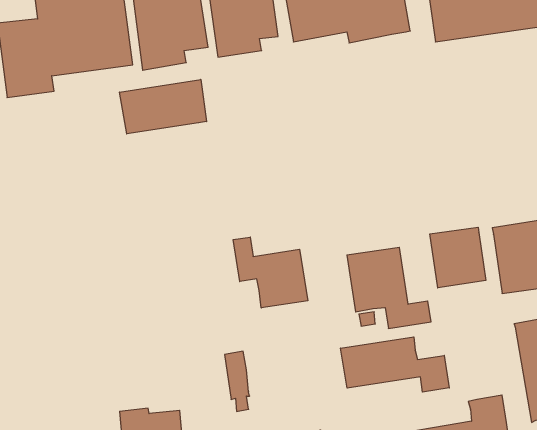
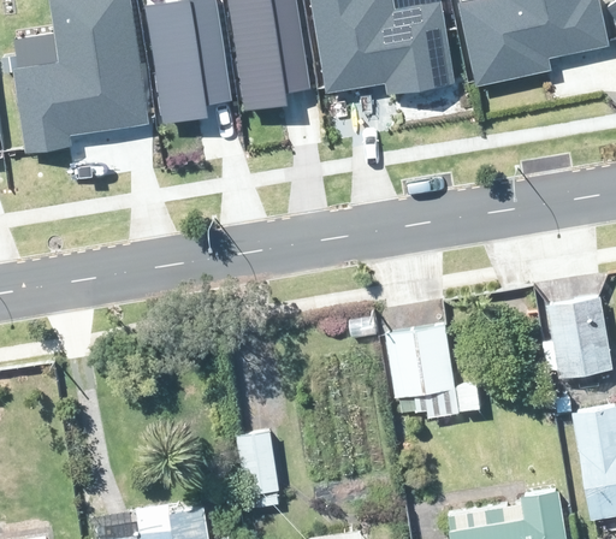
building: [120,79,207,134] -> none
building: [430,227,486,288] -> none
building: [233,237,308,308] -> none
building: [341,337,449,392] -> none

